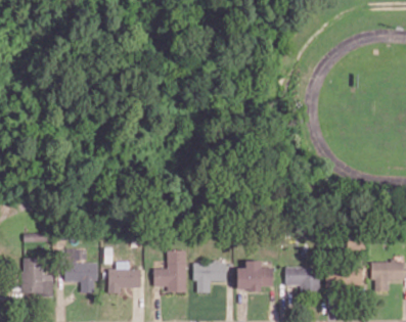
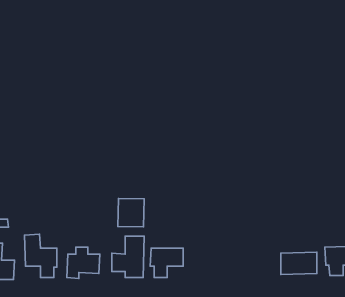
building: none -> [118,199,144,227]
building: [237,261,273,290] -> none
building: [286,268,321,292] -> none

